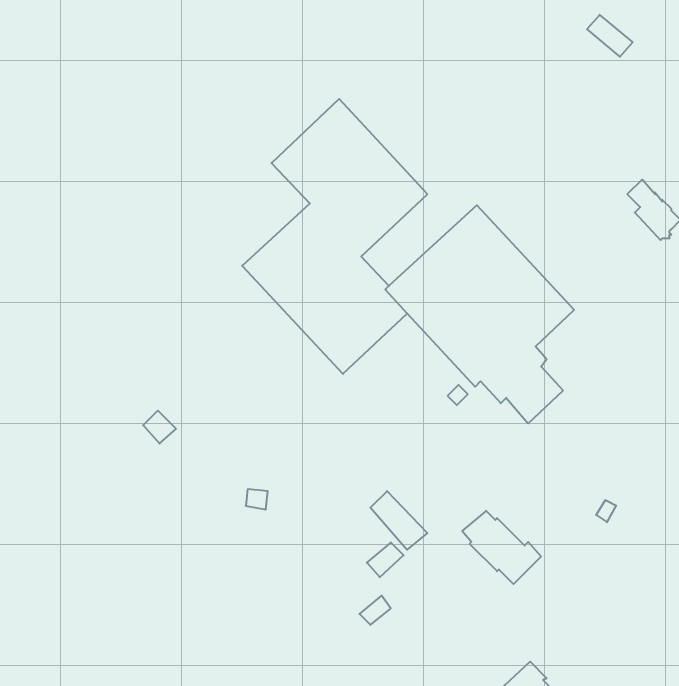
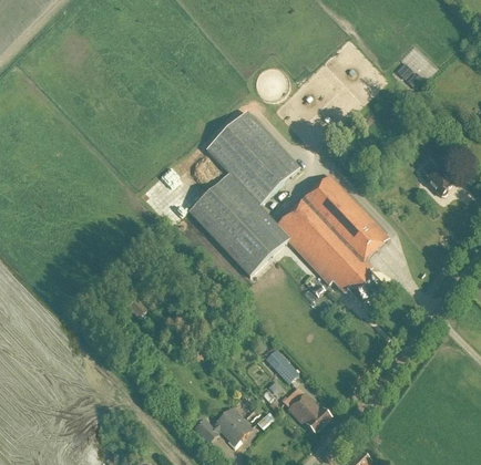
building: [462,511,541,584] -> [283,388,330,432]
building: none -> [195,406,252,446]

